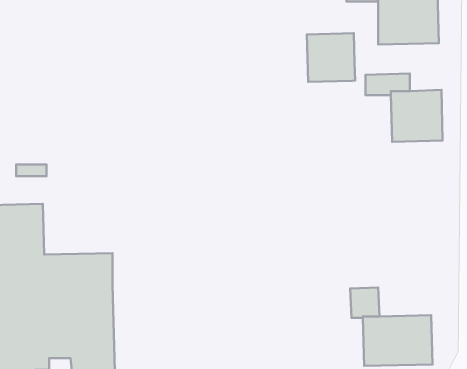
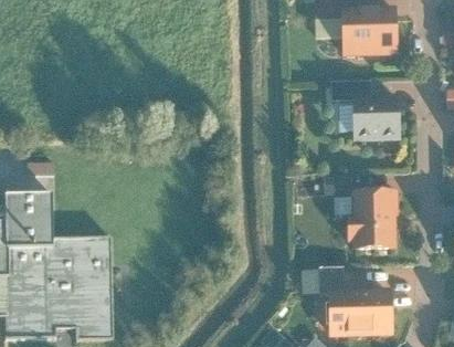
building: [307,33,355,82] -> none
building: none -> [349,190,395,245]

